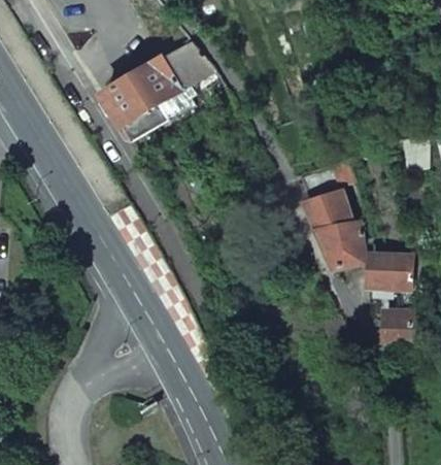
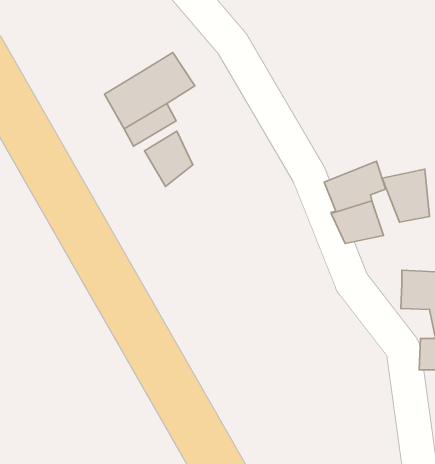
building: [163,41,216,90] -> none
building: none -> [145,131,193,187]
building: [316,222,359,269] -> [382,169,430,222]

